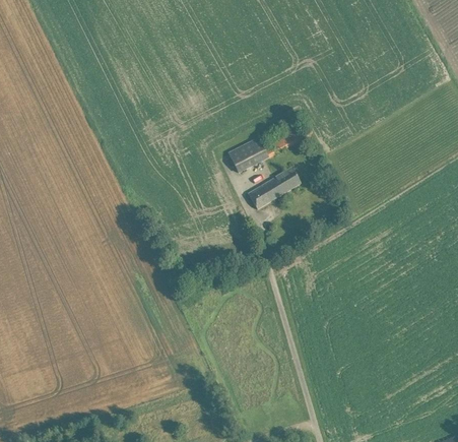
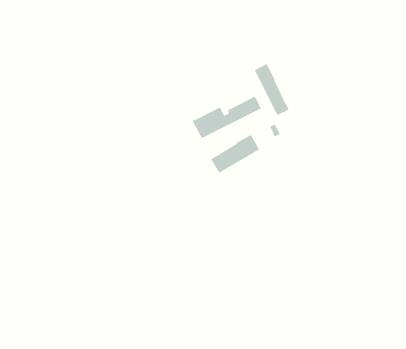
building: none -> [254,63,289,116]

